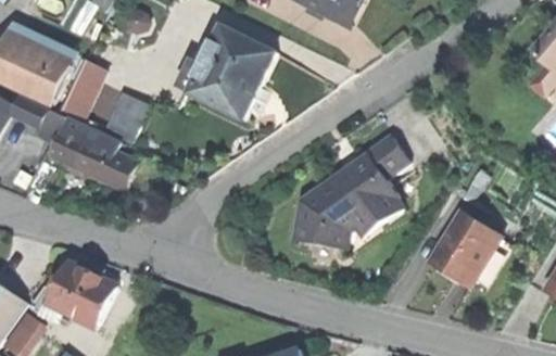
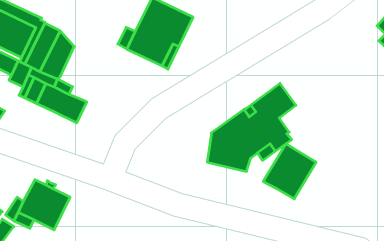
building: [102,89,142,139] -> none
building: [429,215,497,287] -> [263,144,316,199]

